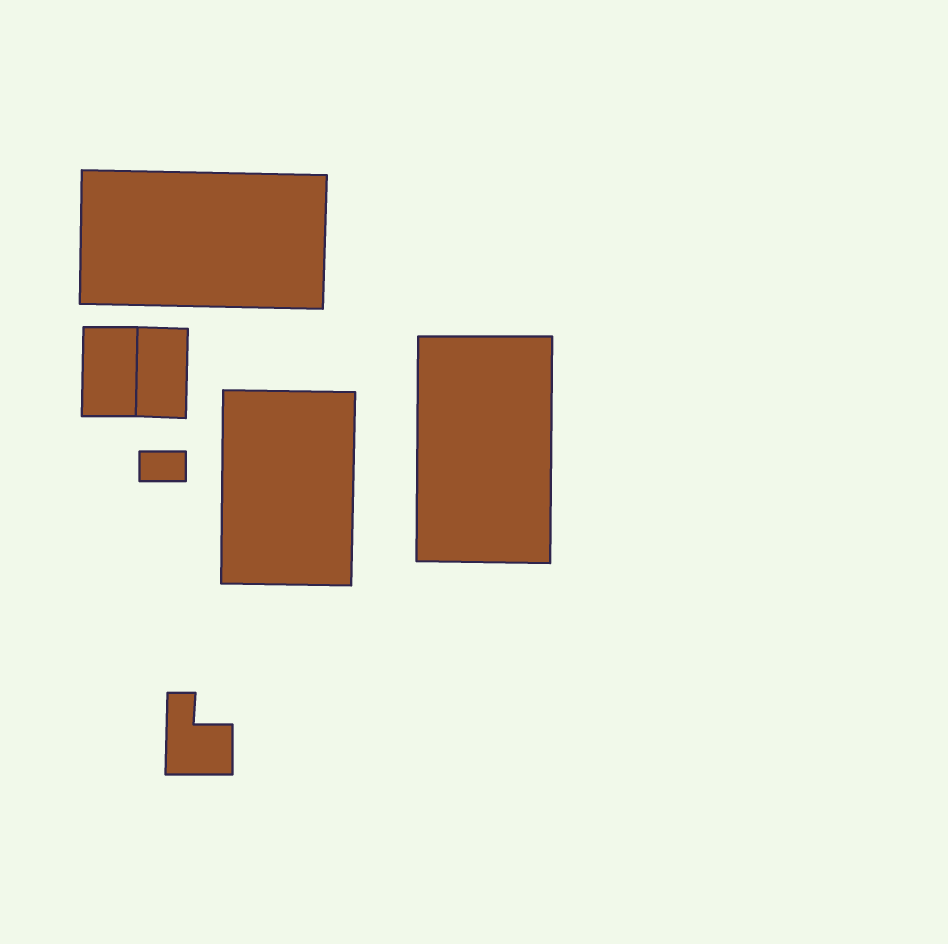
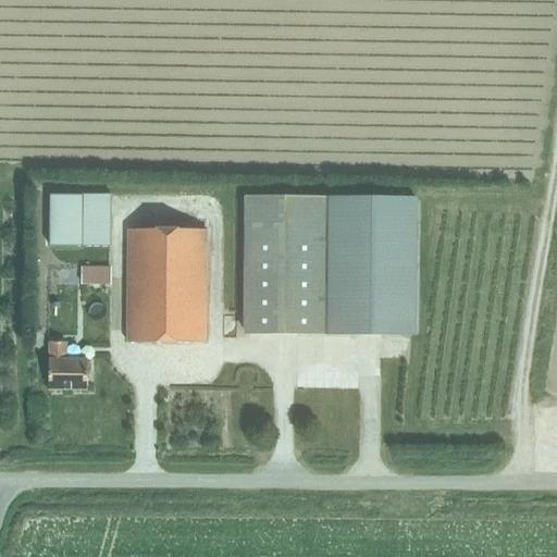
building: [80,170,327,309] -> none
building: none -> [329,197,417,331]
building: [166,693,233,775] -> [48,339,87,387]

